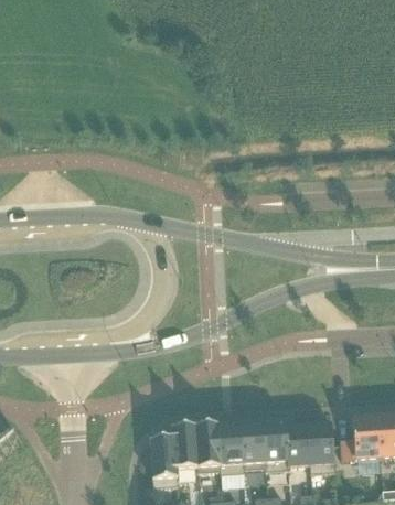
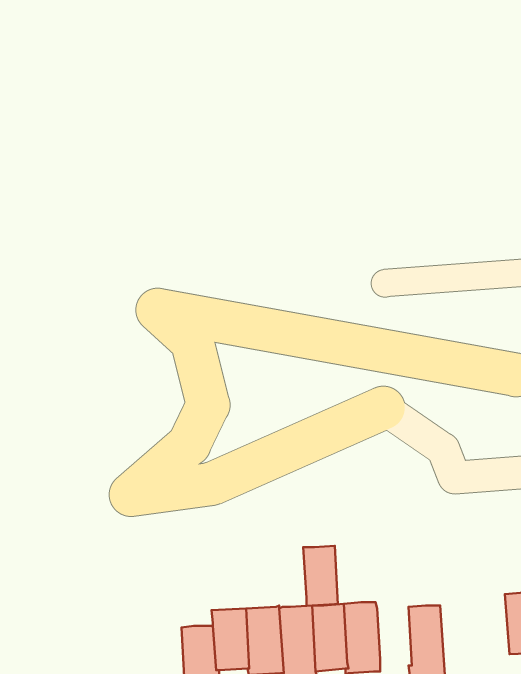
building: [340,416,380,460] -> none
building: [287,425,311,466] -> [303,546,338,606]

